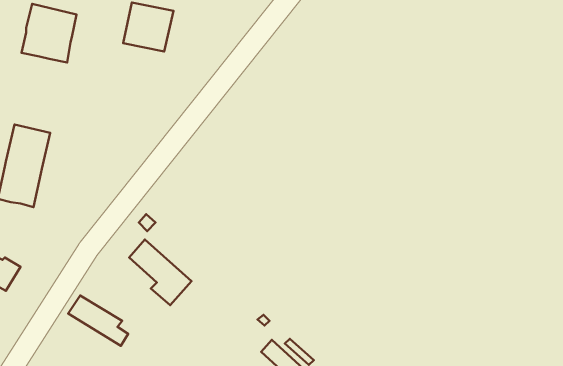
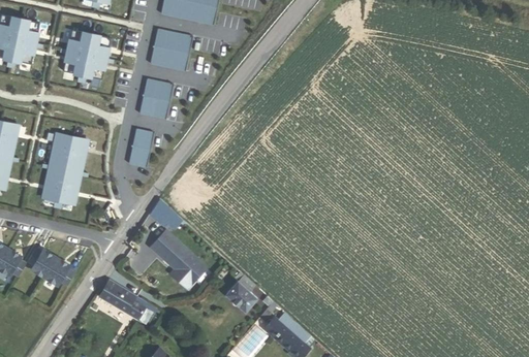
building: none -> [137,77,172,119]
building: none -> [126,128,152,167]
building: none -> [46,256,77,285]
building: none -> [226,275,258,314]

